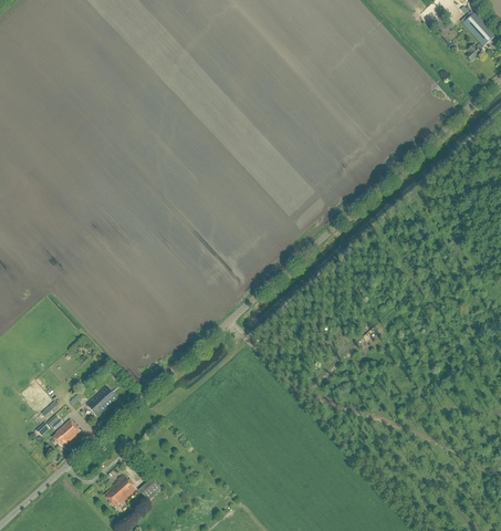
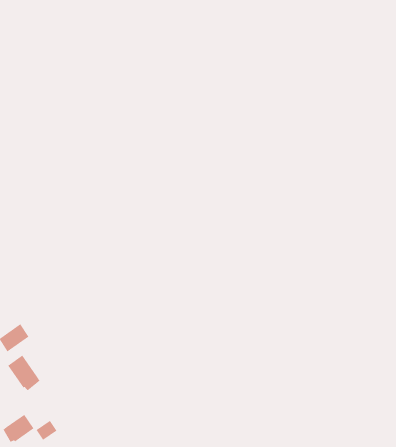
building: none -> [7,355,40,391]

